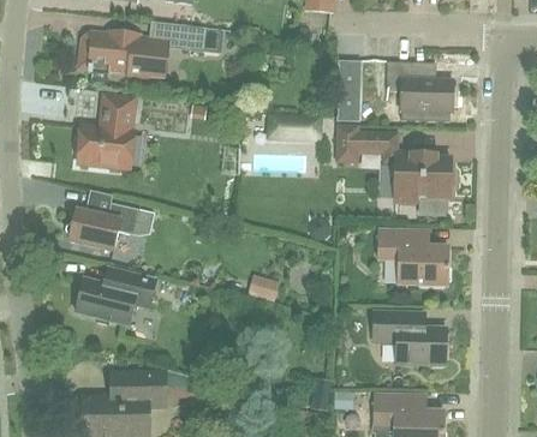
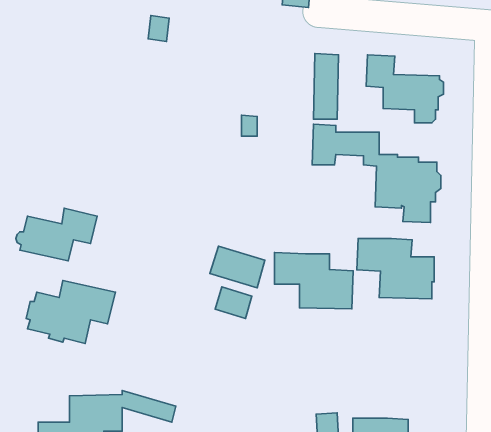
building: [79,29,168,82] -> none
building: [77,94,135,168] -> none
building: none -> [210,246,265,288]
building: [374,311,446,363] -> [274,253,353,309]

